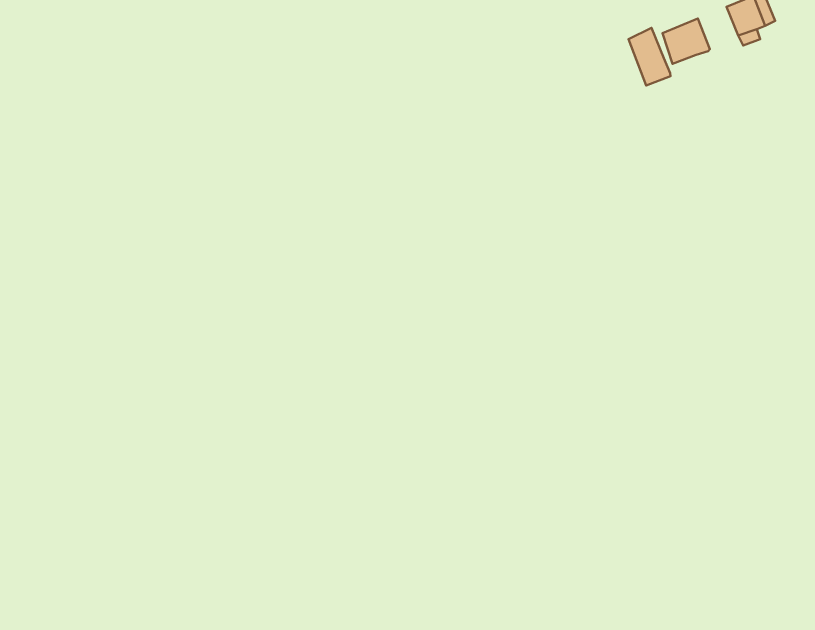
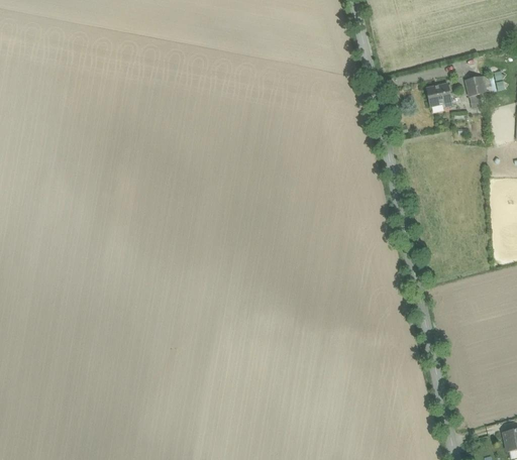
building: [629,28,670,85] -> none

